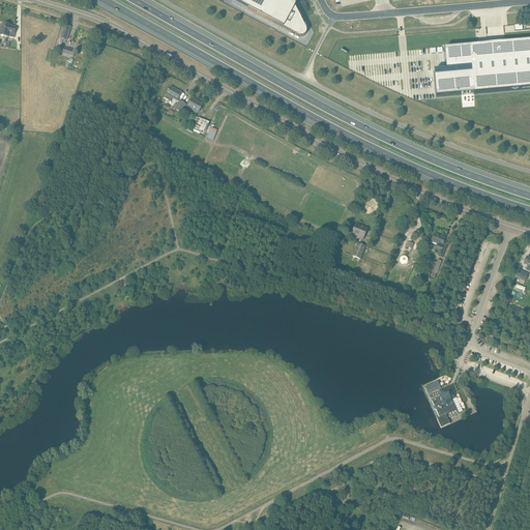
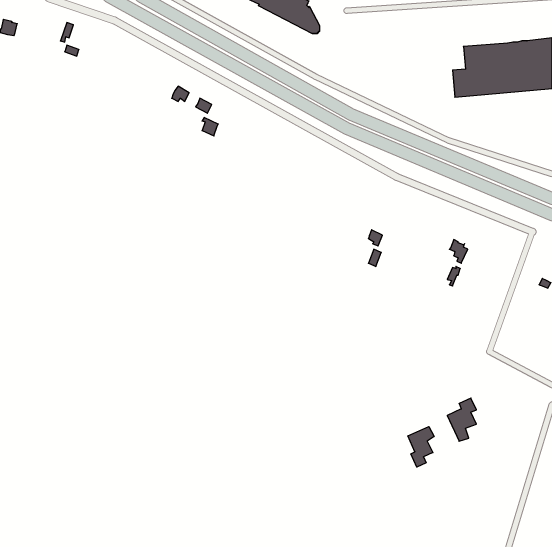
building: none -> [408,427,434,467]

